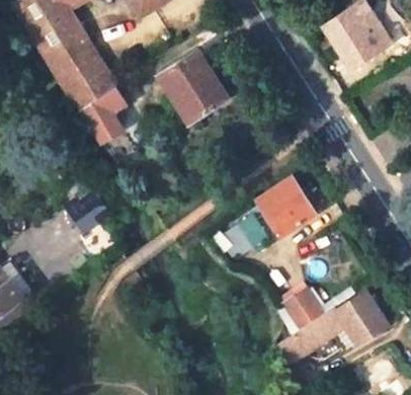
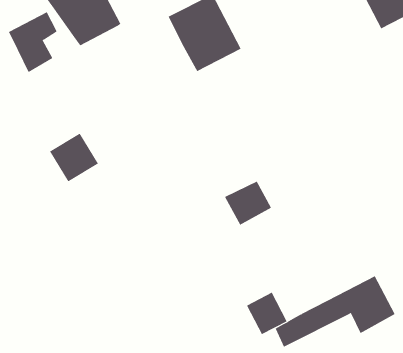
building: [82,86,127,143] -> [8,11,58,73]
building: [257,177,316,236] -> none
building: [285,292,324,331] -> [246,292,288,335]

